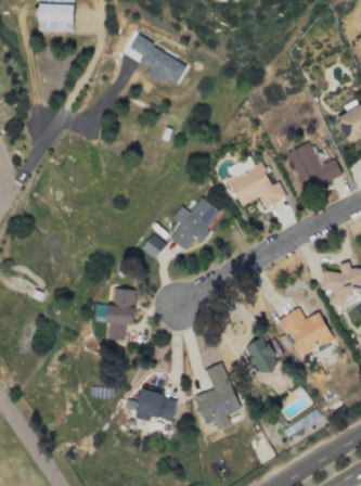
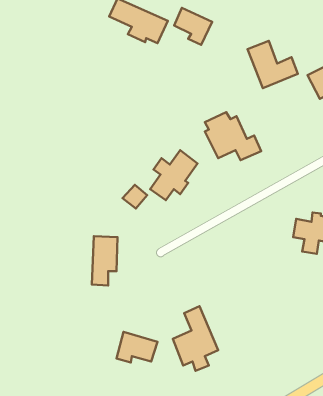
building: none -> [174,8,212,45]
building: [288,141,341,191] -> [247,41,298,88]
building: [276,307,333,355] -> none
building: [245,334,279,374] -> none

